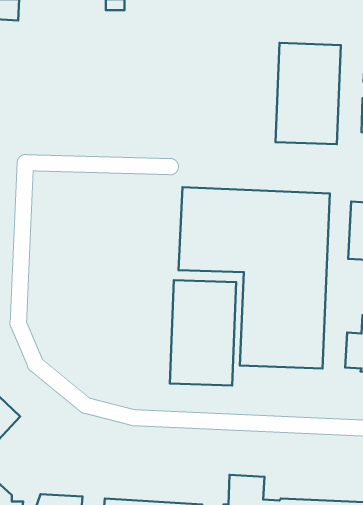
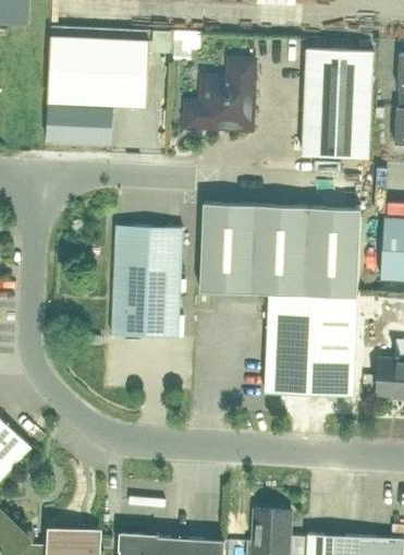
building: none -> [47,36,148,107]
building: none -> [186,61,252,129]
building: none -> [45,108,112,146]
building: [170,280,236,386] -> [111,226,182,338]

